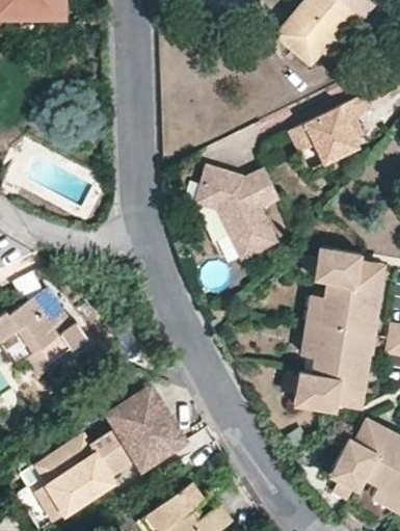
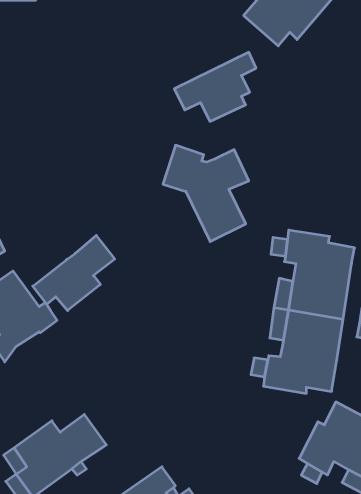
building: [288,96,369,164] -> [174,52,256,121]
building: none -> [33,235,115,311]
building: [107,390,189,470] -> none

